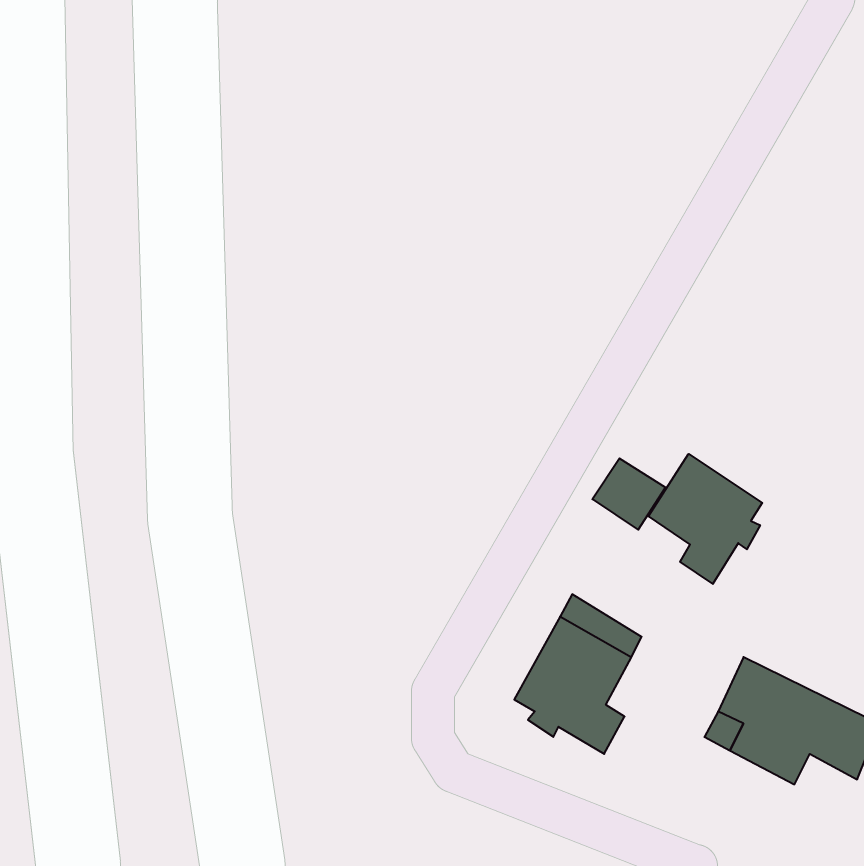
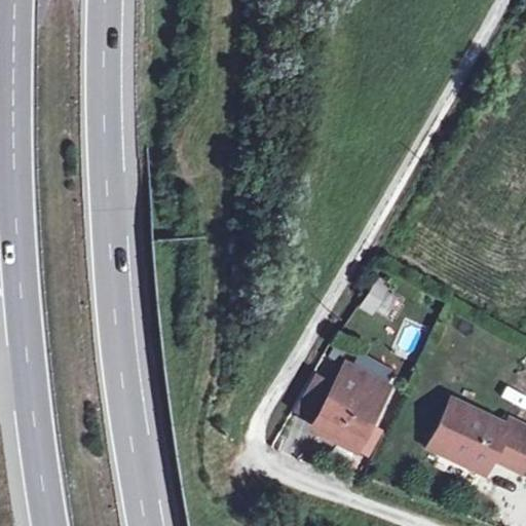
building: [649,454,762,584] -> none

